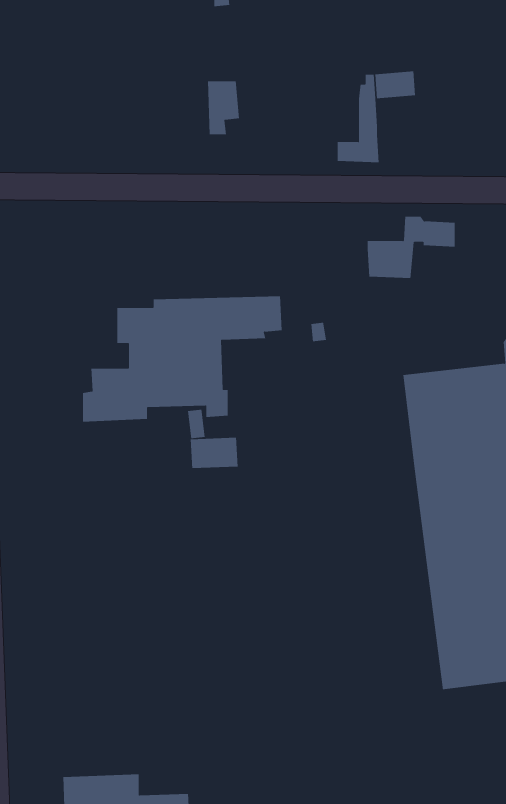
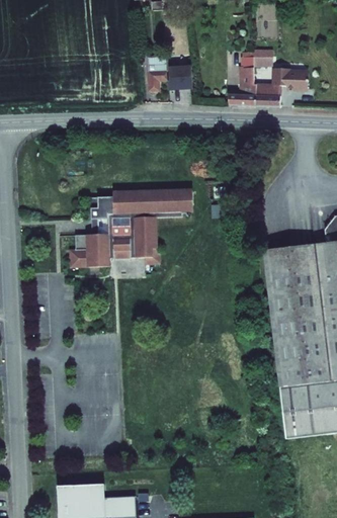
building: none -> [168,56,189,90]
building: [367,216,456,278] -> [251,71,306,109]
building: [190,437,238,469] -> none

